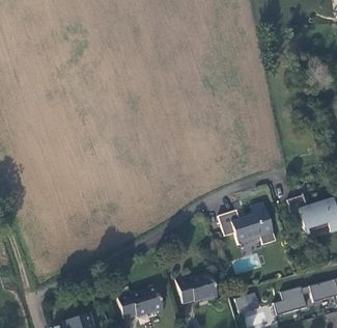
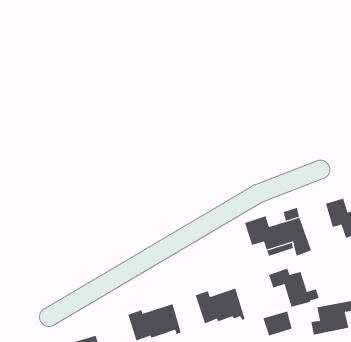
building: none -> [268,268,320,308]

